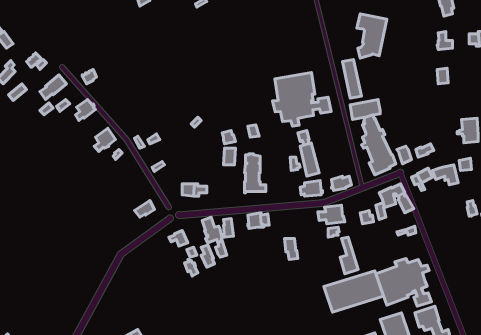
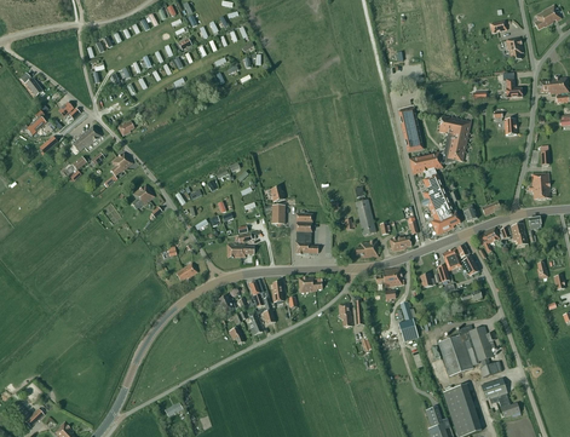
building: [357,14,387,58] -> [438,116,471,165]
building: [273,72,331,126] -> none
building: [324,271,383,312] -> none

